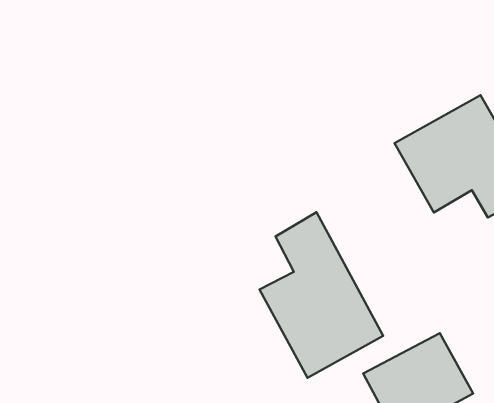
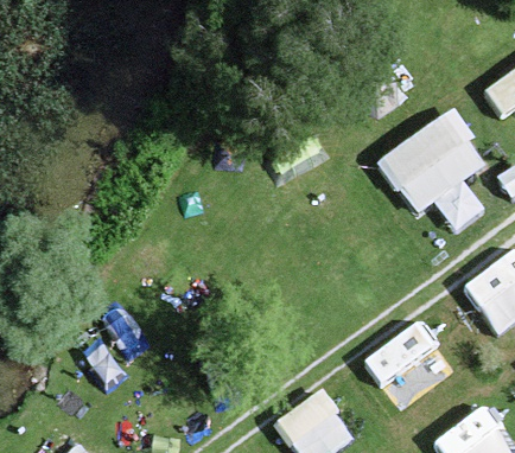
building: [260,212,383,378] -> none

